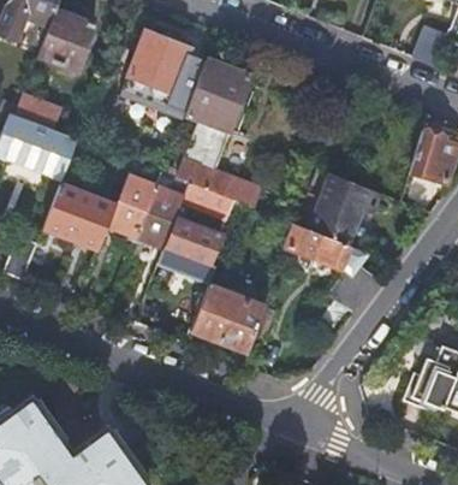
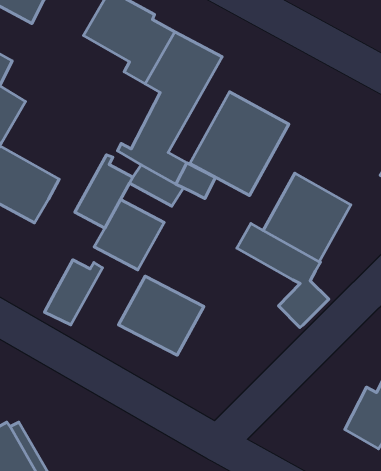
building: none -> [190,92,289,196]
building: [112,176,159,235] -> [44,260,102,325]

